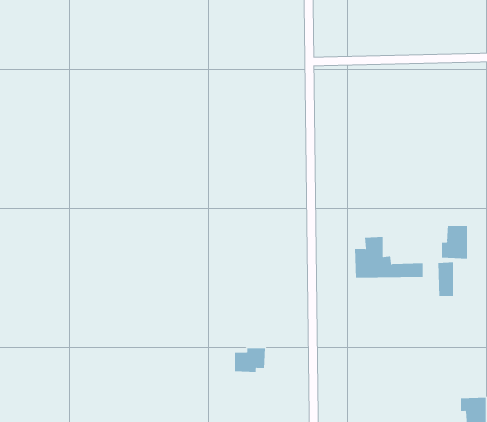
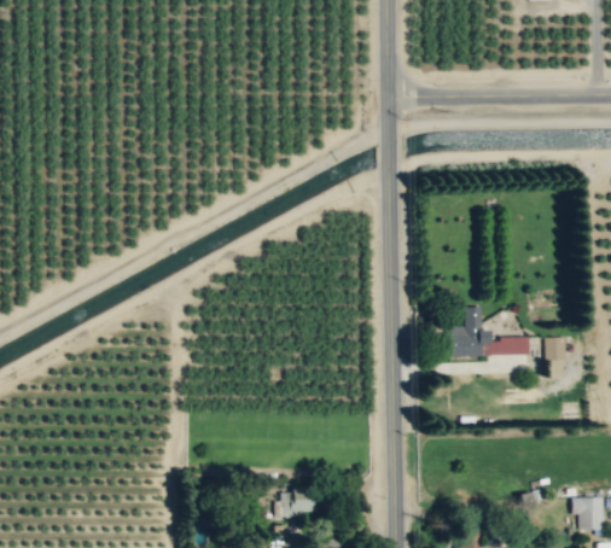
building: [442,225,468,260] -> none
building: [234,348,266,372] -> [278,488,315,517]

